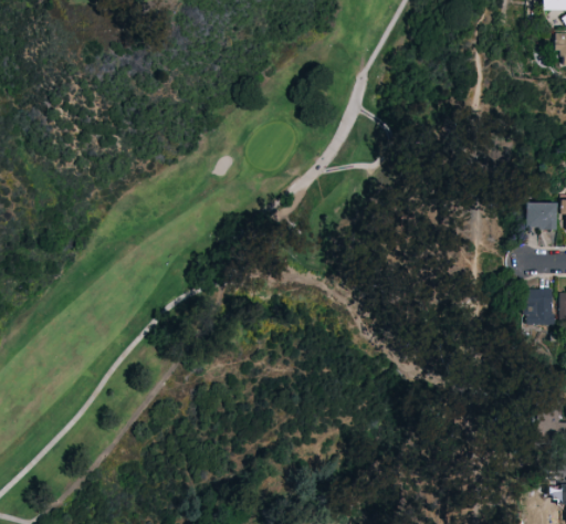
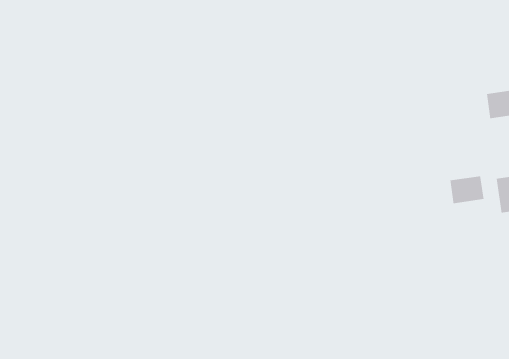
building: none -> [450,175,484,204]

